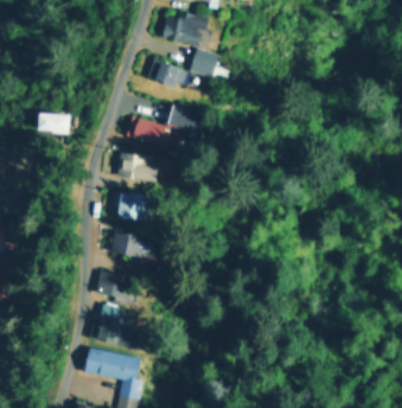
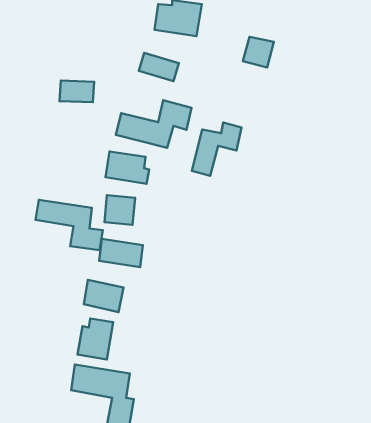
building: [191,49,219,77] -> [243,37,274,67]
building: [40,113,72,133] -> [59,80,94,102]
building: none -> [192,123,242,176]
building: none -> [35,200,103,250]

